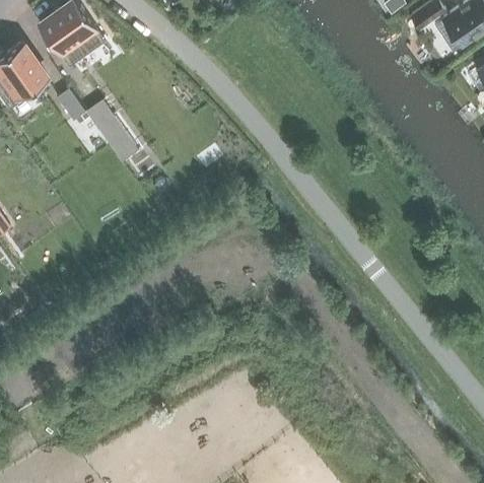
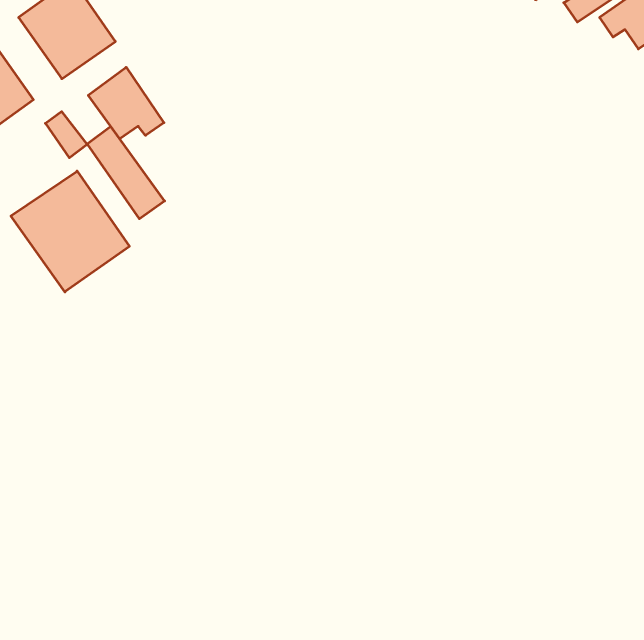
building: none -> [88,67,164,139]
building: none -> [11,171,129,292]

